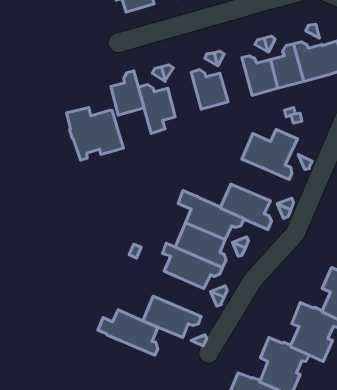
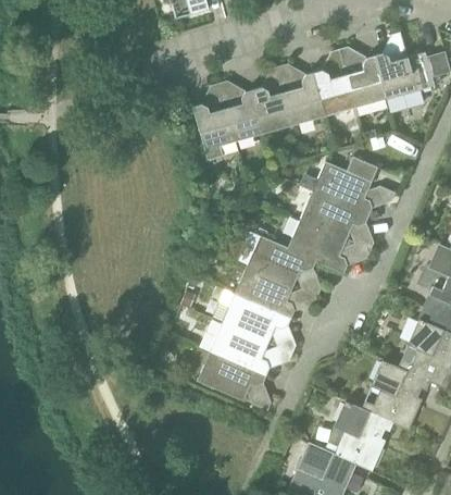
building: none -> [287,72,325,124]
building: [111,71,144,115] -> [226,89,265,141]
building: [66,107,123,160] -> none
building: none -> [300,191,368,240]
building: [98,310,158,355] -> [198,323,268,376]

